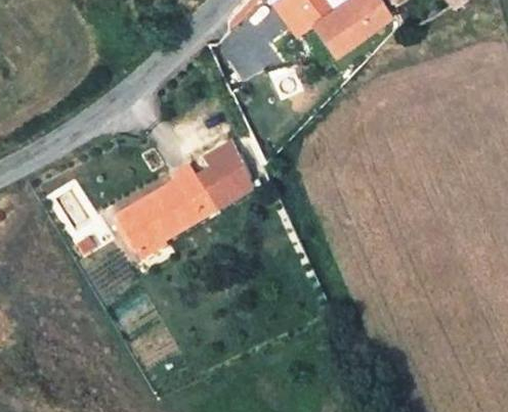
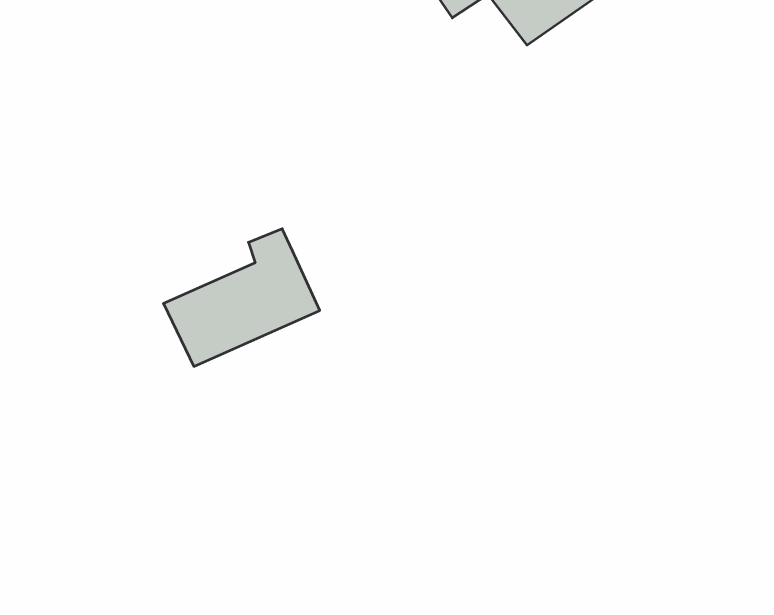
building: [196,145,254,214] -> none

